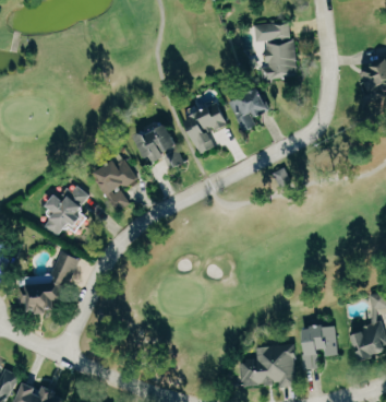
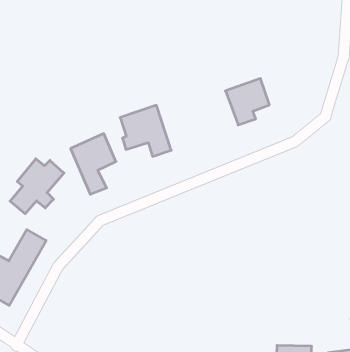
building: [253,22,295,78] -> none
building: [184,104,226,153] -> none

